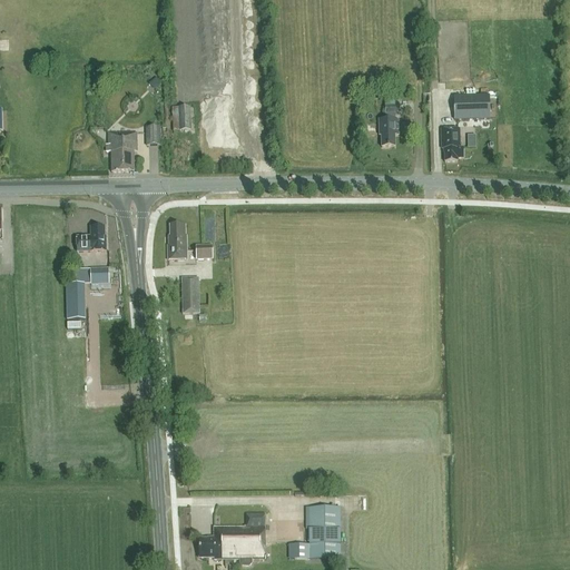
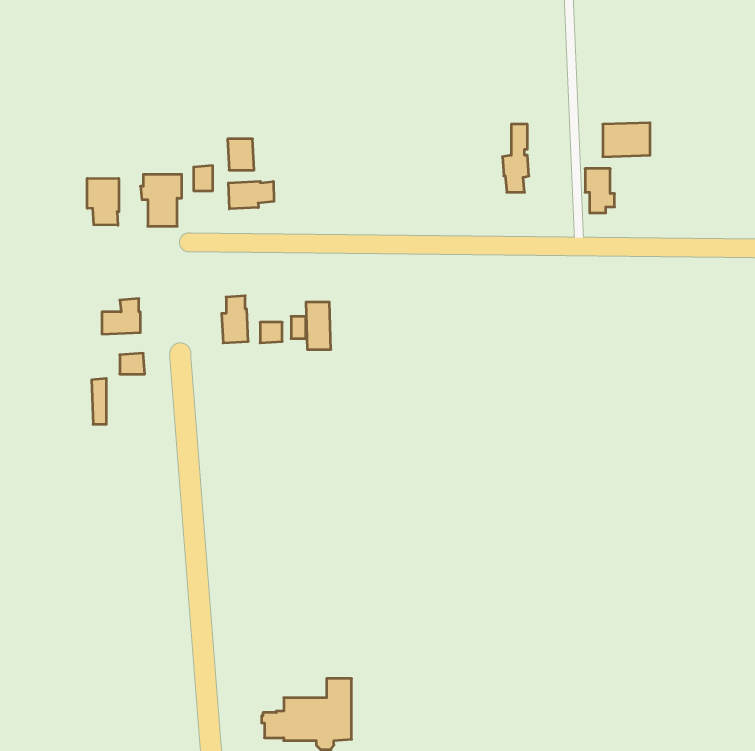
building: none -> [87,178,119,225]
building: none -> [228,181,274,209]
building: [181,276,200,312] -> [306,302,331,349]
building: [308,505,341,557] -> none

